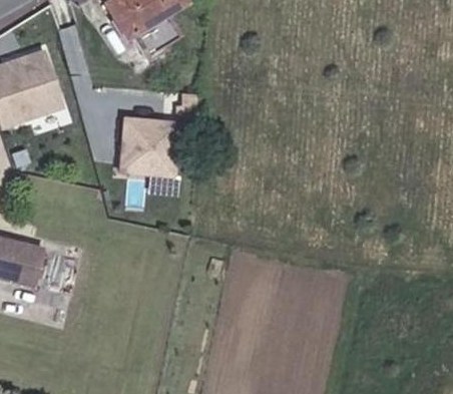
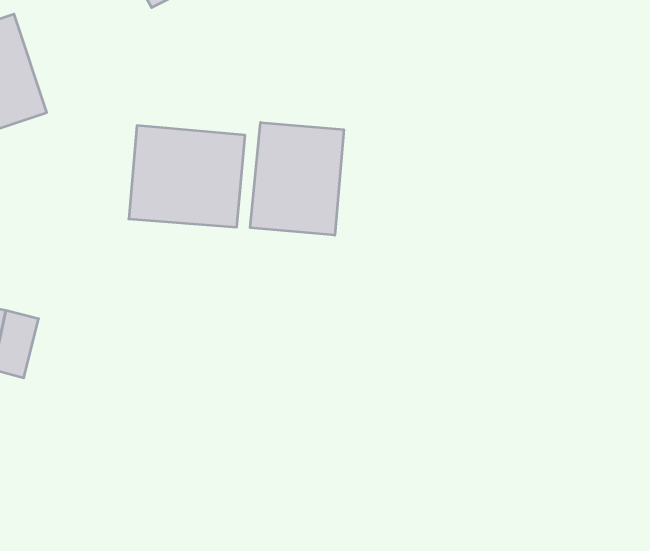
building: none -> [250,122,344,235]

